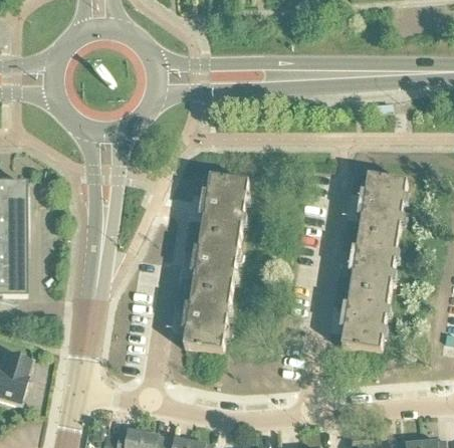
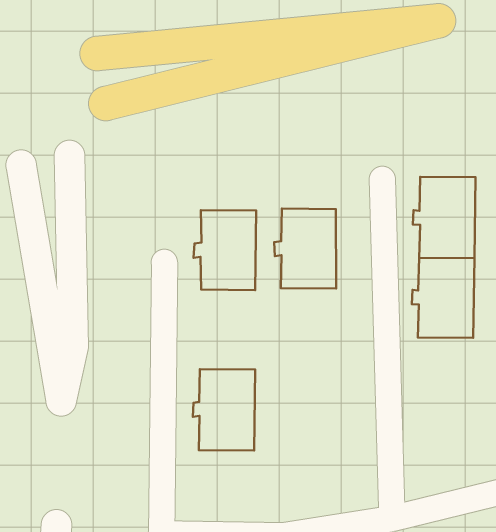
building: [190,232,238,294] -> [274,208,336,288]
building: [339,288,388,352] -> none

